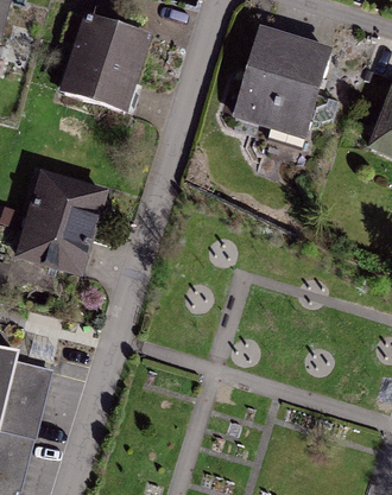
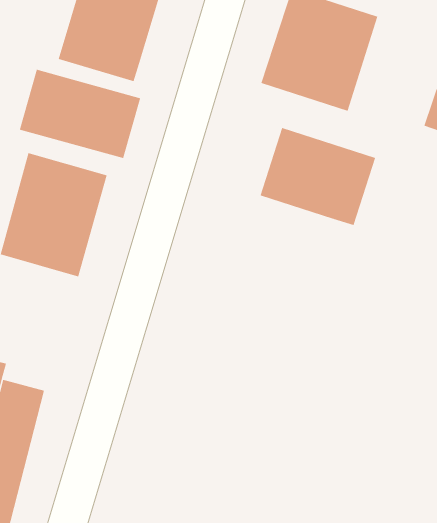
building: none -> [19,69,141,159]
building: none -> [260,127,376,226]

